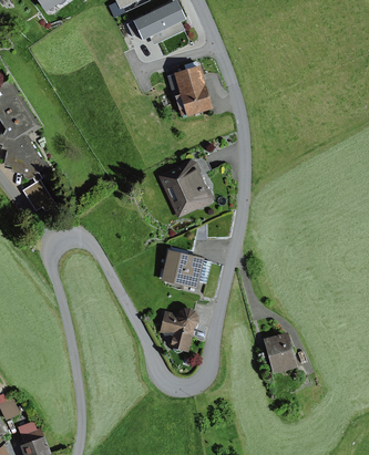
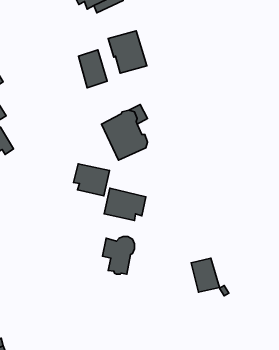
building: none -> [79,50,107,88]
building: none -> [74,164,110,196]

